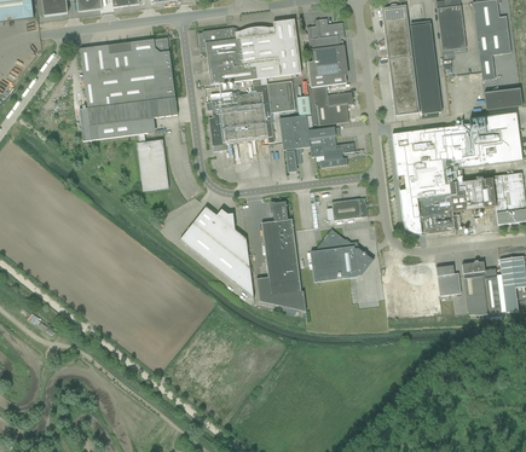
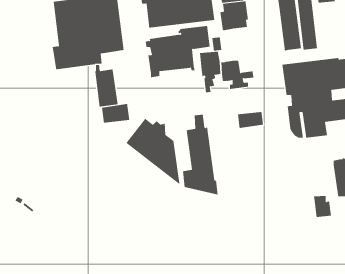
building: [312,85,353,124] -> none
building: none -> [102,103,130,124]
building: [311,227,374,282] -> none
building: [435,265,461,295] -> [313,195,332,218]

